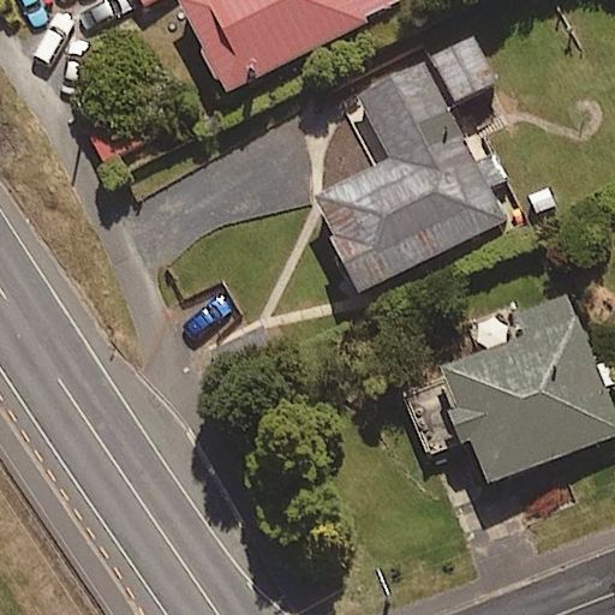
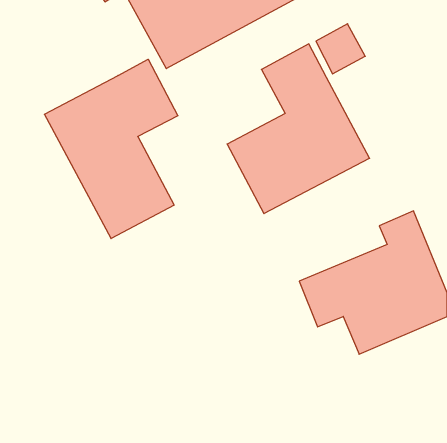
building: none -> [44,59,178,239]

